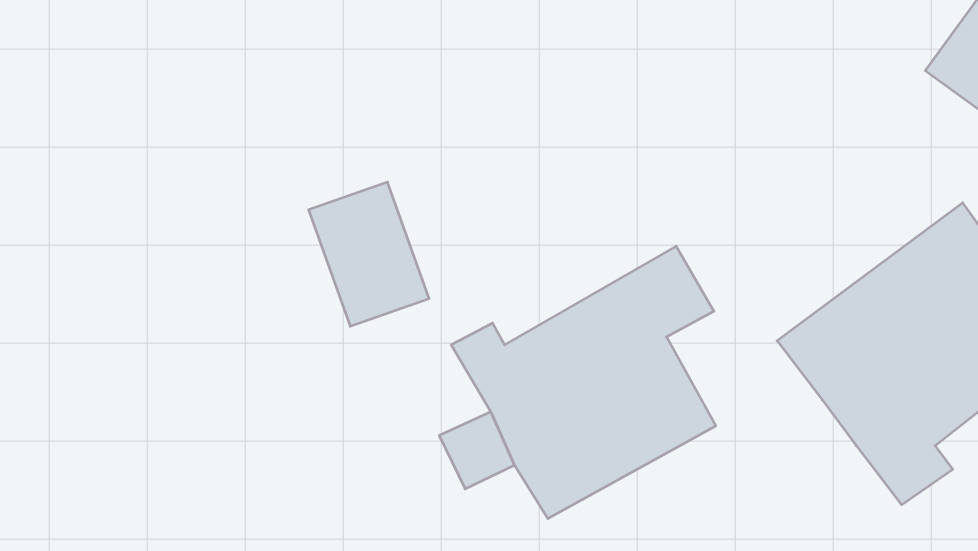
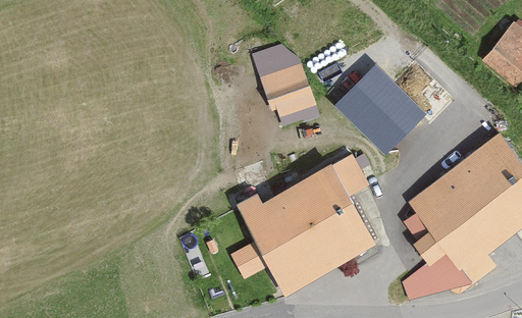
building: none -> [334,74,426,157]
building: [309,182,429,326] -> [251,40,313,114]
building: none -> [402,232,469,300]

